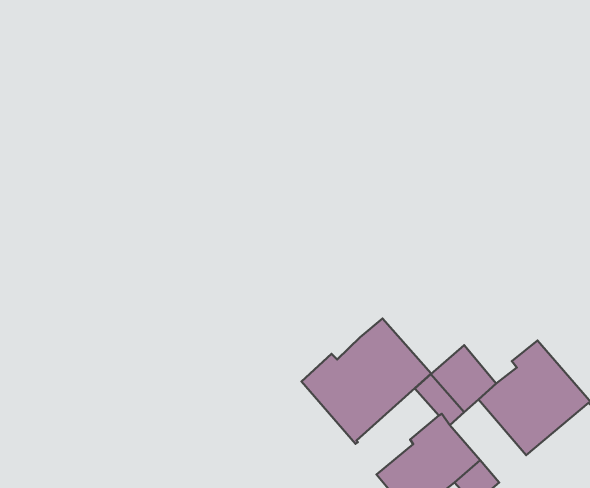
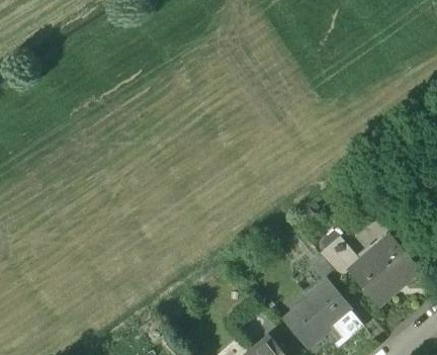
building: [302,318,431,444] -> none

